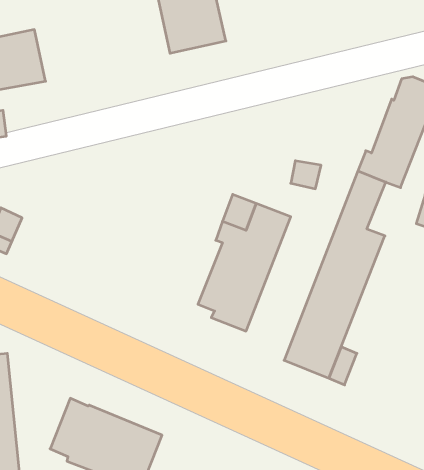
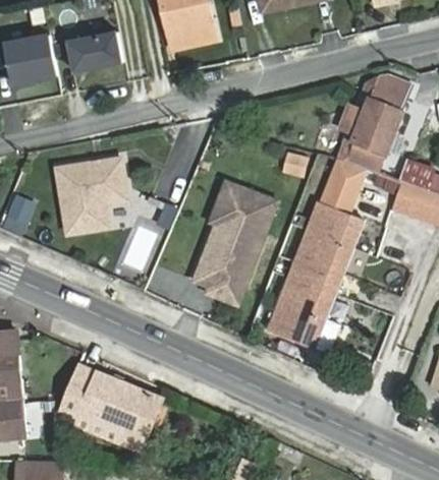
building: none -> [62,29,118,73]
building: none -> [59,156,128,231]

